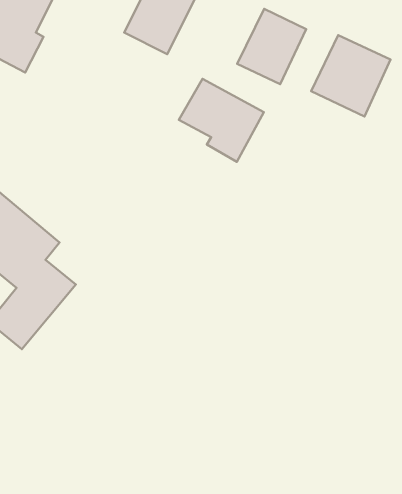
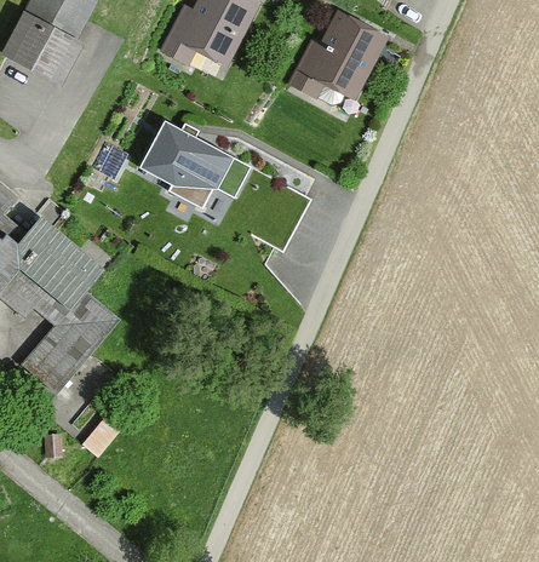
building: [311,35,391,117] -> none
building: [179,79,264,162] -> [136,114,231,207]

